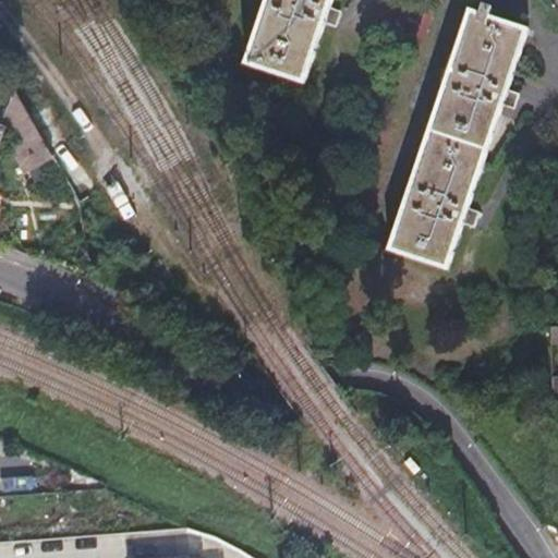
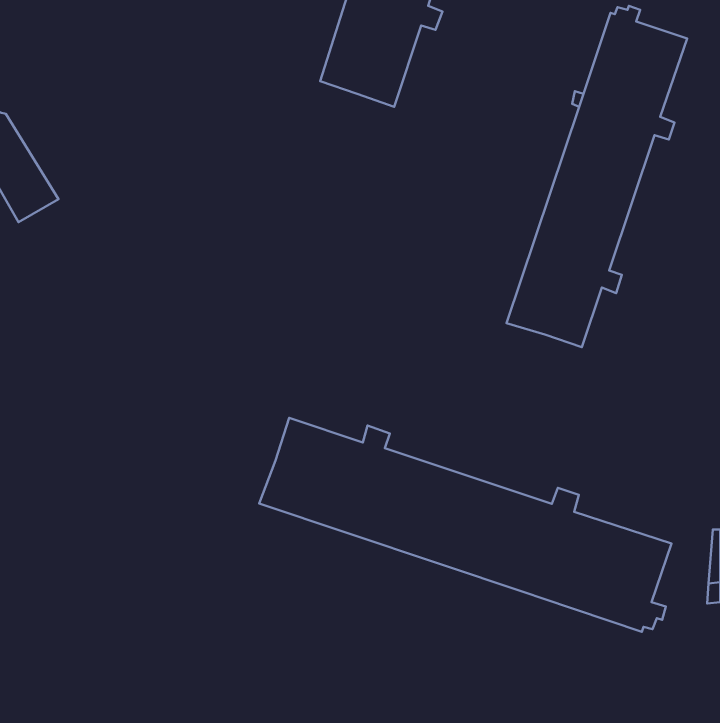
building: none -> [259,418,671,632]

